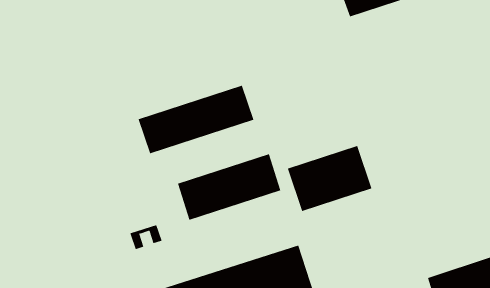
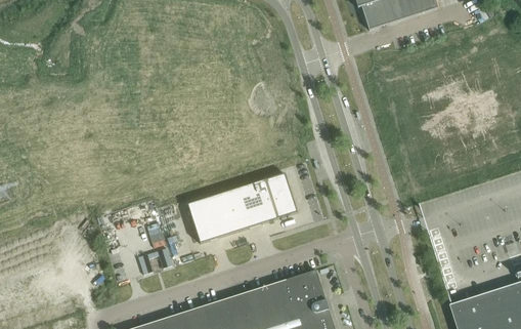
building: [138,85,254,154] -> none
building: [287,145,372,212] -> none

